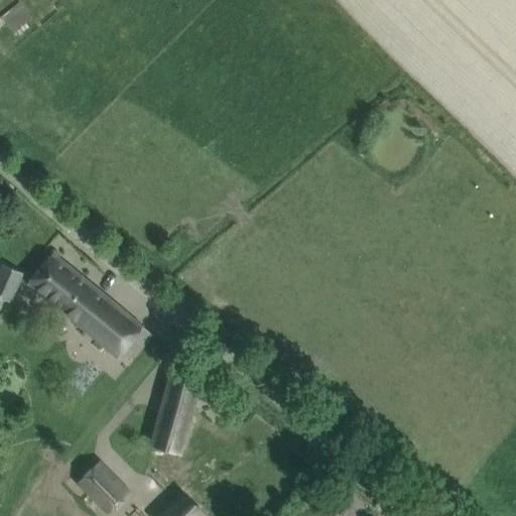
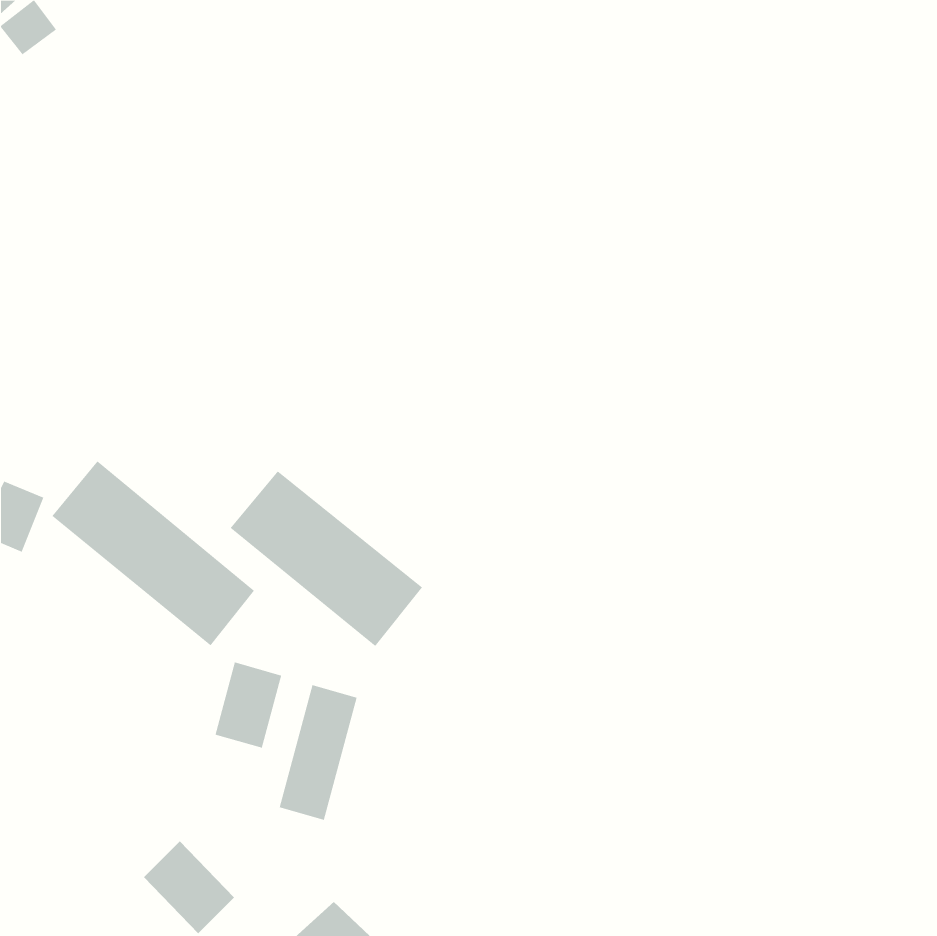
building: none -> [230,471,423,647]
building: none -> [215,662,282,749]

